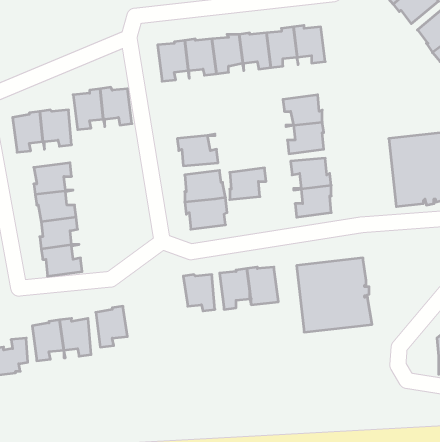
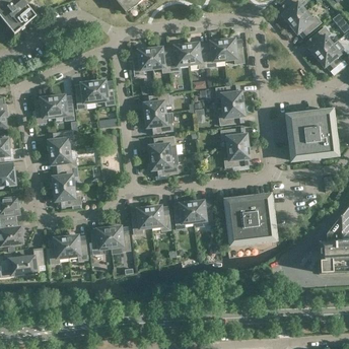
building: [230,168,266,200] -> [144,93,168,115]
building: none -> [130,207,151,234]
building: none -> [108,226,130,254]

